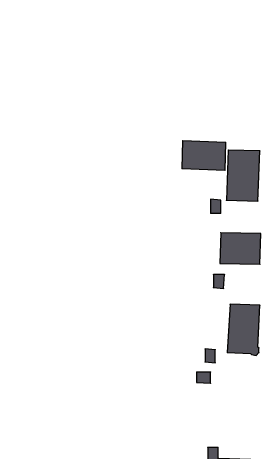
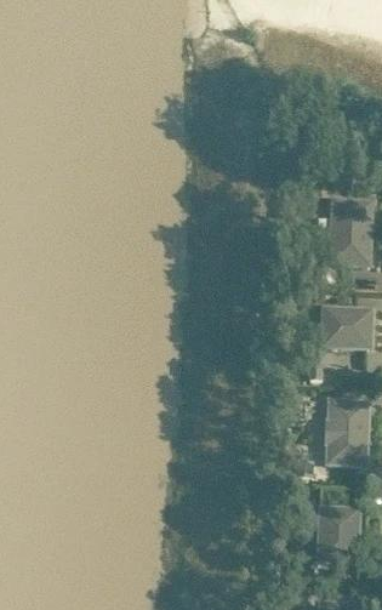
building: [182,141,226,170] -> none
building: none -> [314,506,358,564]

